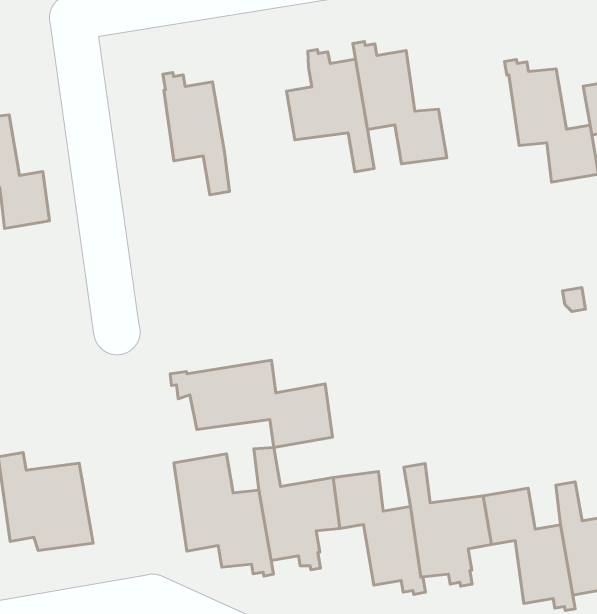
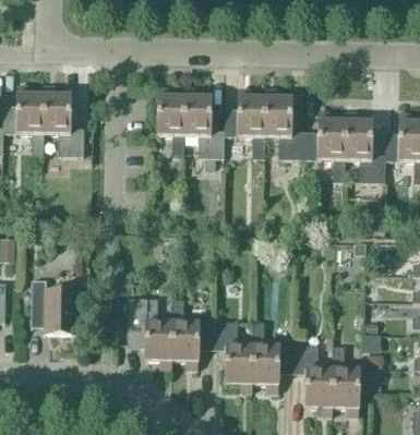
building: none -> [304,110,346,181]
building: none -> [184,86,224,157]
building: [170,360,332,448] -> none

